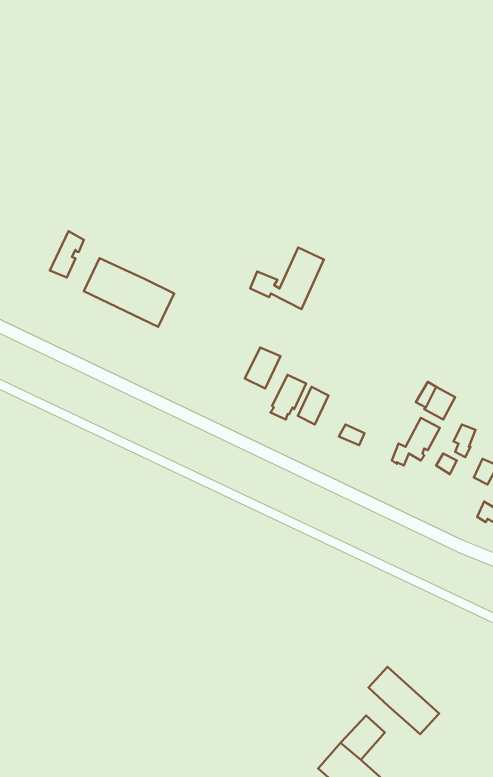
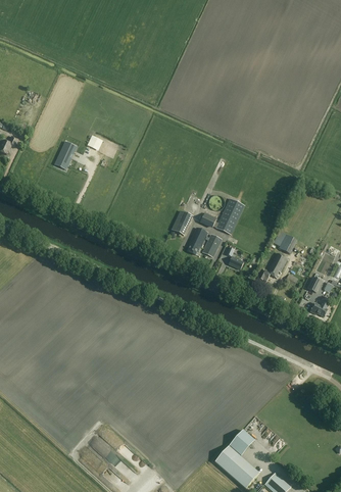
building: [250,247,324,309] -> [201,198,245,235]
building: [84,258,174,327] -> none
building: [369,667,439,734] -> none

